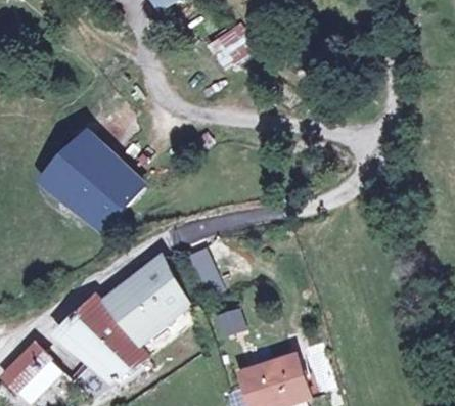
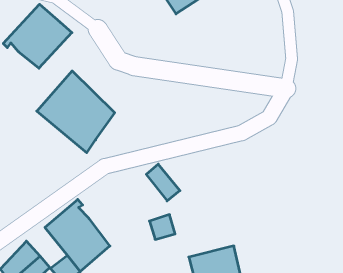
building: none -> [3,4,72,68]
building: [121,265,200,343] -> none

